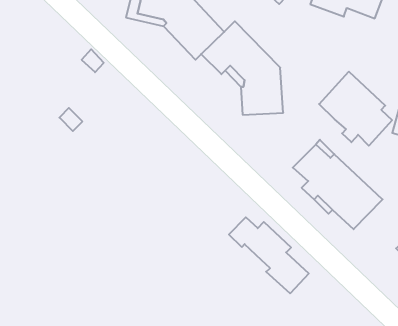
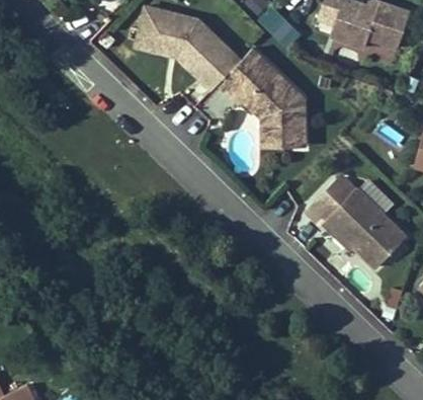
building: [319,72,392,146] -> none
building: [229,217,309,293] -> none

